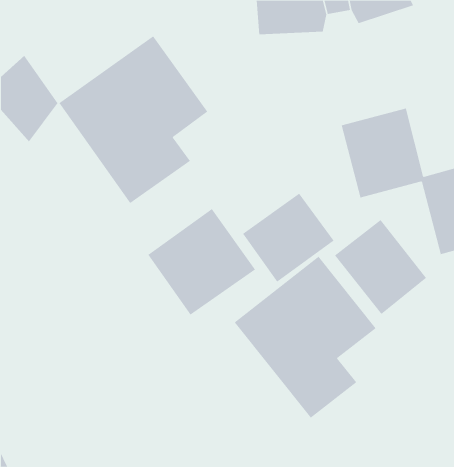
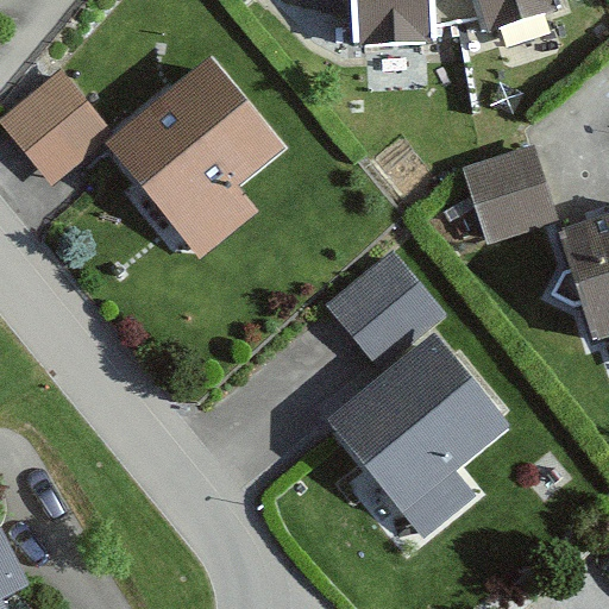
building: [148,208,256,316] -> none
building: [334,219,427,315] -> none

